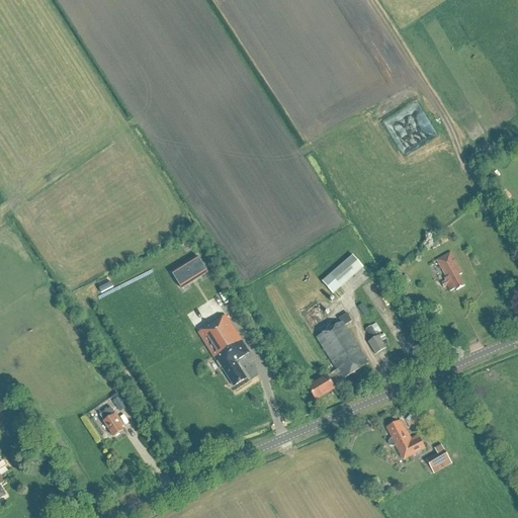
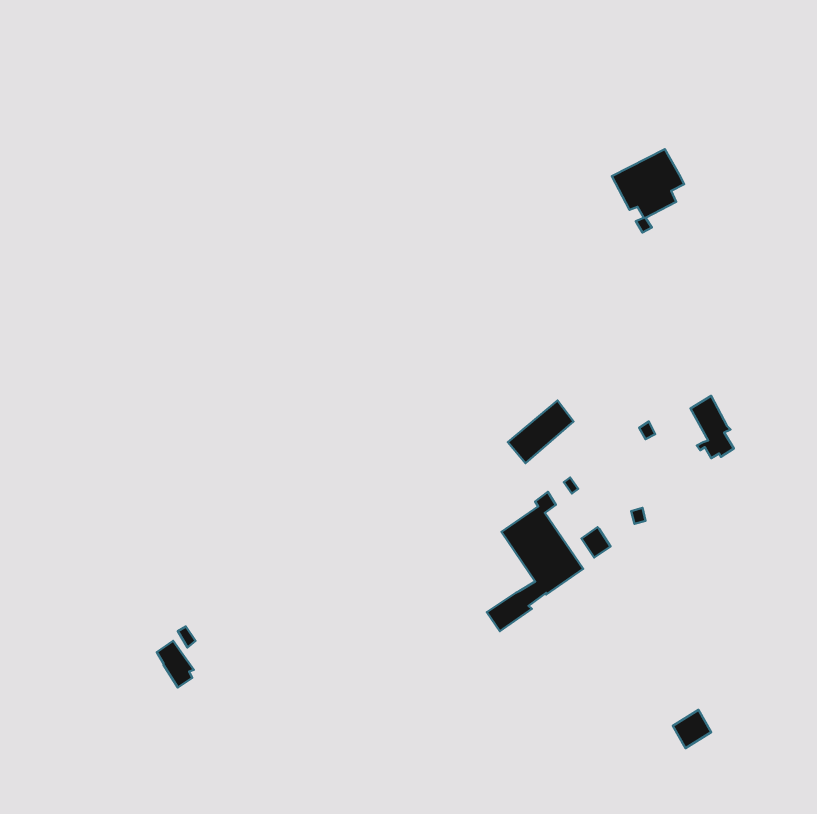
building: [170,254,206,287] -> none
building: [197,313,248,384] -> none
building: [386,418,422,457] -> none

